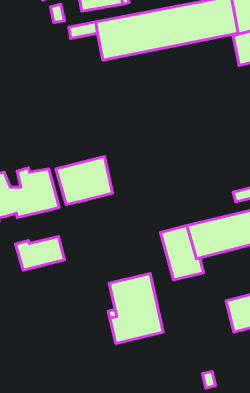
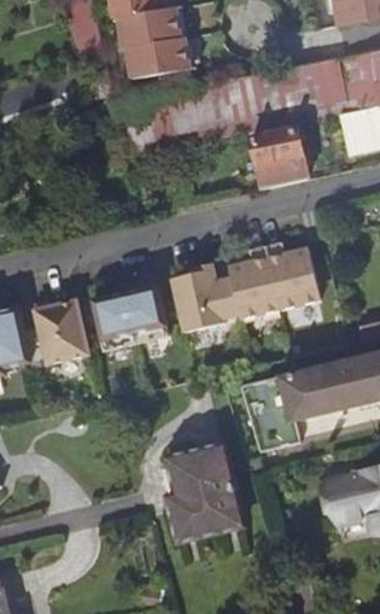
building: none -> [250,127,306,187]
building: none -> [176,241,316,329]
building: [16,236,65,270] -> none

